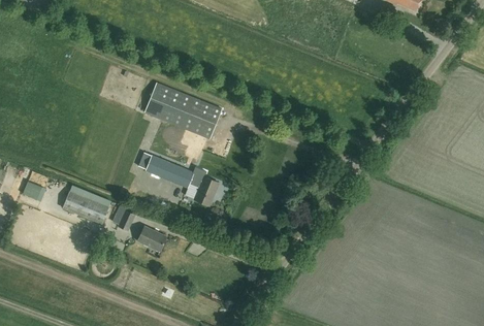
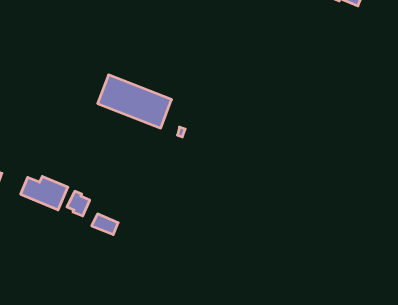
building: [138,153,217,205] -> none

